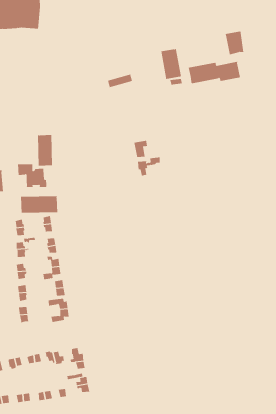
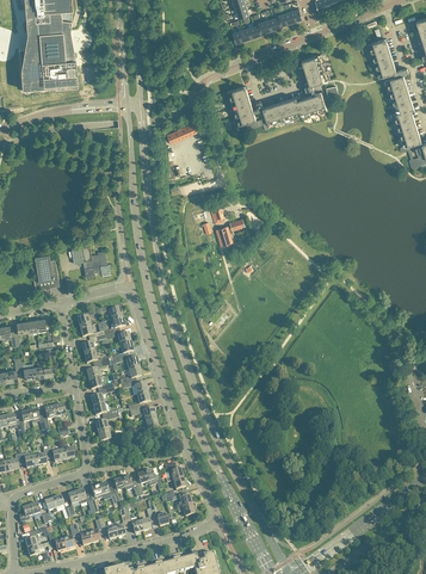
building: [38,134,53,166] -> none
building: [21,195,58,214] -> none

